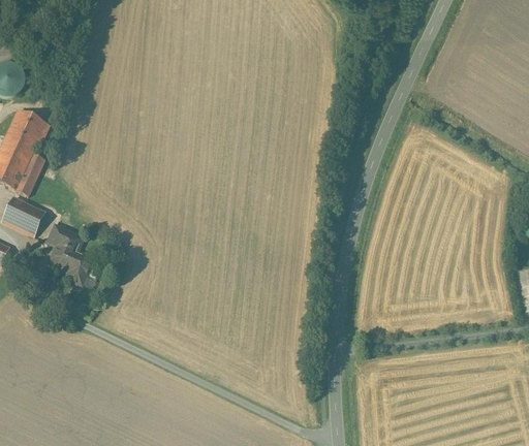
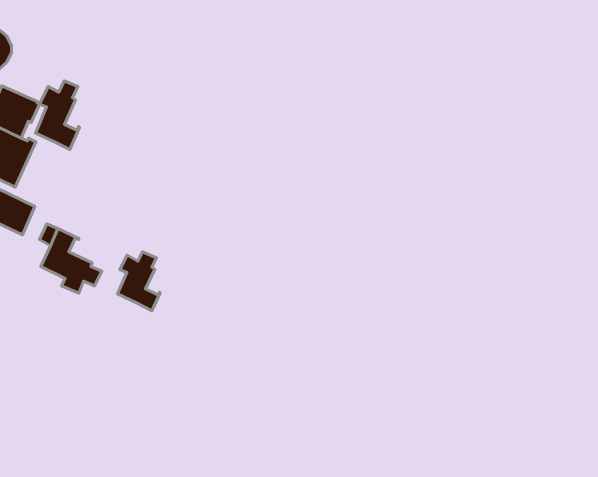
building: none -> [35,81,80,149]
building: none -> [117,252,160,311]

